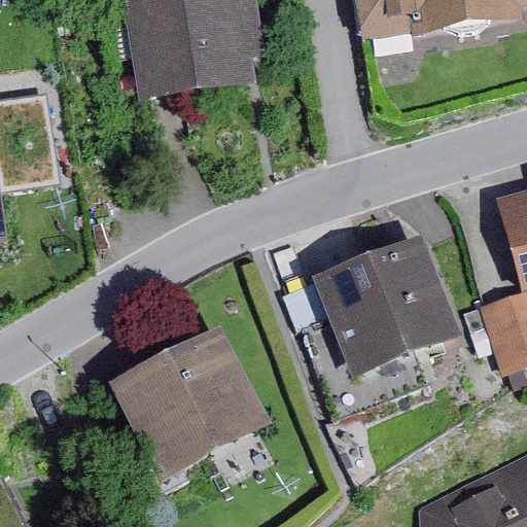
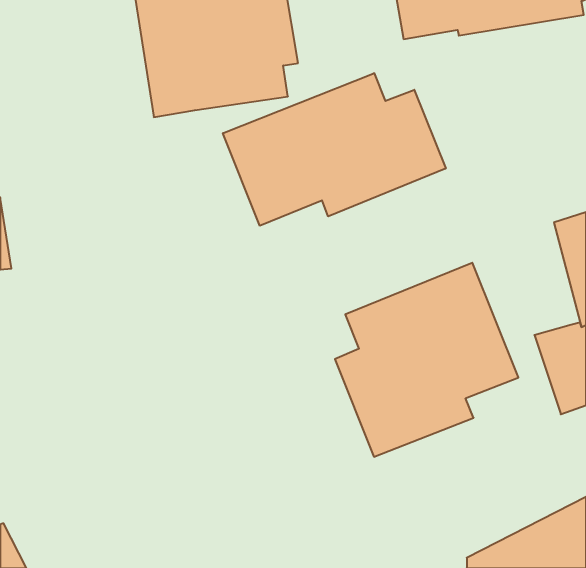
building: none -> [223,73,446,226]
building: [107,326,273,485] -> none

